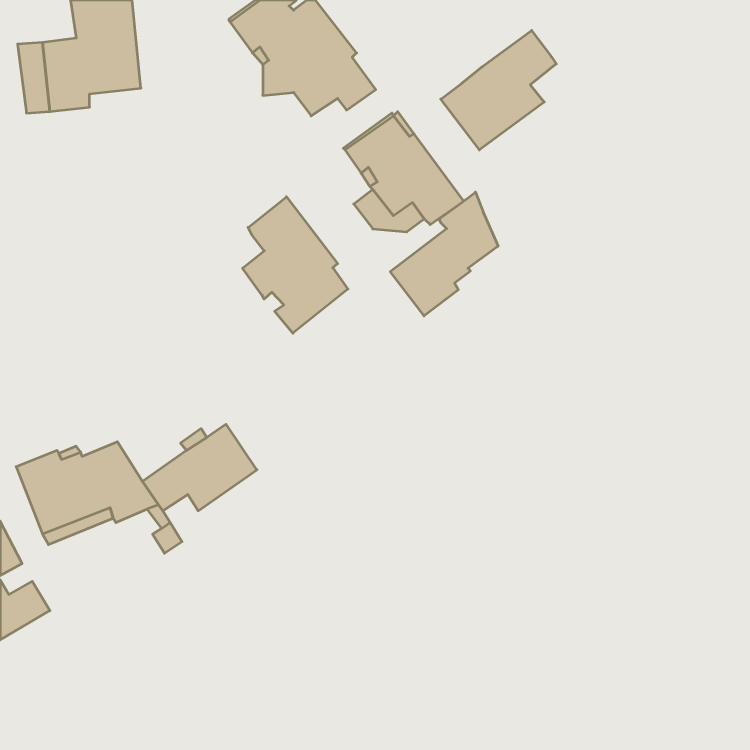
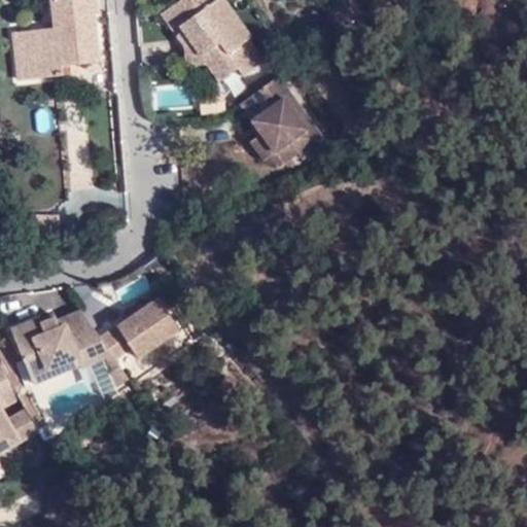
building: [441,30,556,150] -> none
building: [390,192,498,316] -> none
building: [243,197,348,333] -> none

